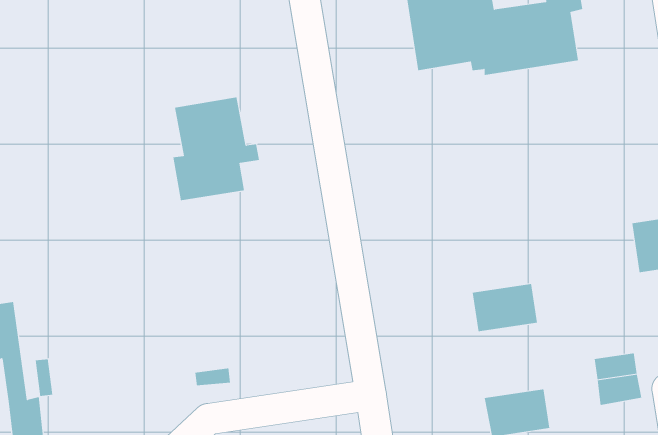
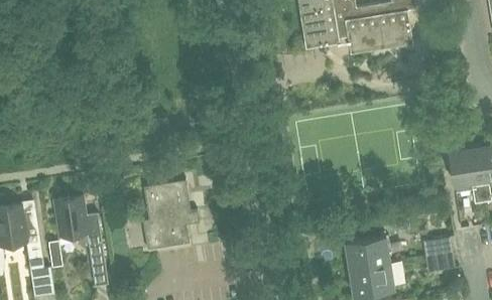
building: [173,97,260,201] -> [142,180,201,250]
building: [472,284,538,332] -> [346,237,390,269]
building: none -> [54,196,104,263]

